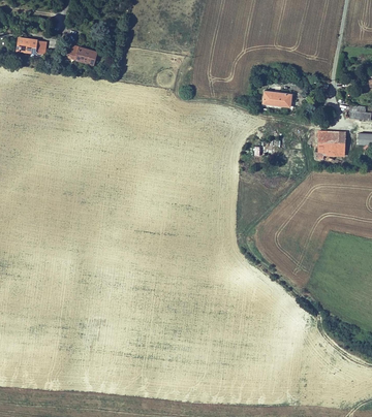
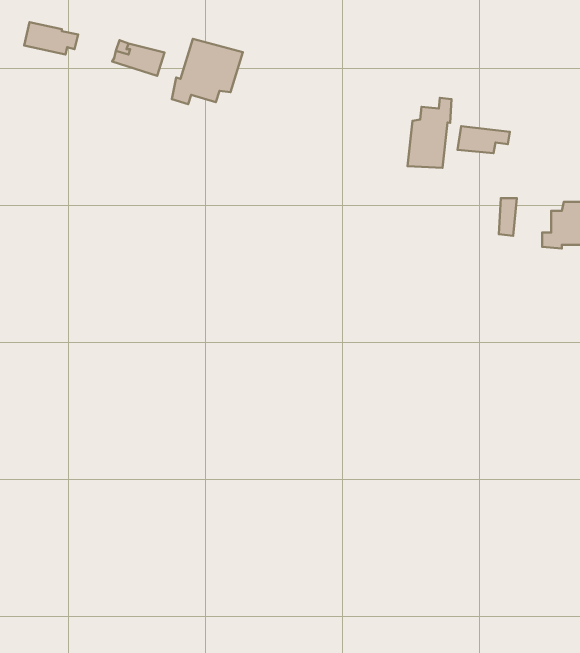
building: none -> [172,39,243,104]
building: none -> [408,98,452,168]

